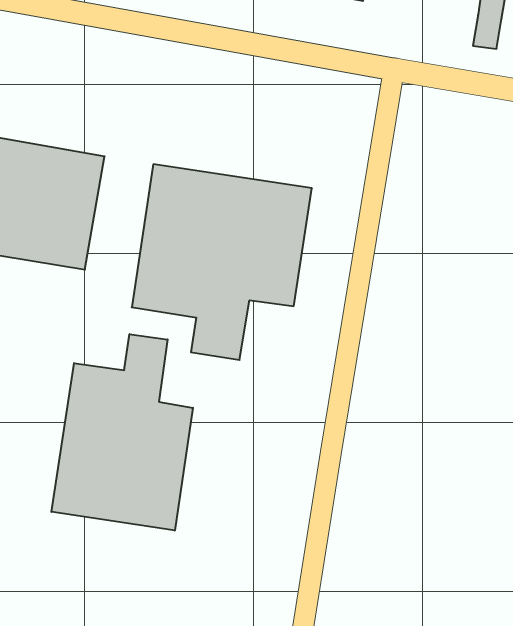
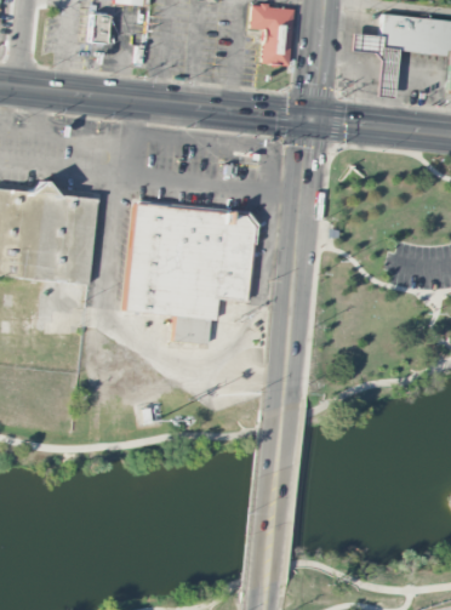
building: [51,334,193,531] -> none

